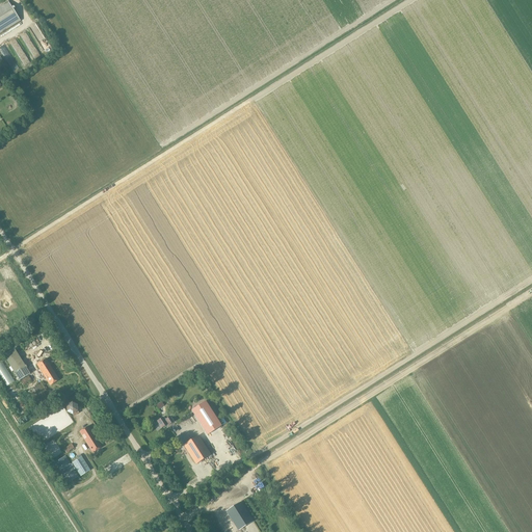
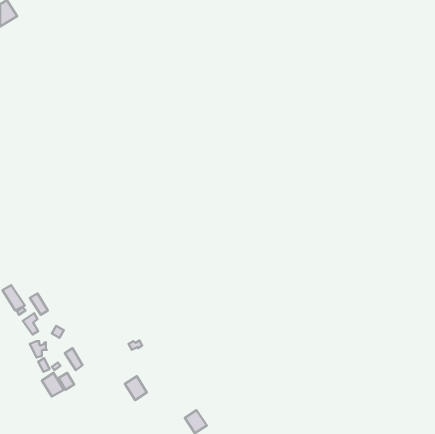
building: [191,400,221,434] -> none
building: [183,434,210,463] -> [125,376,147,400]

